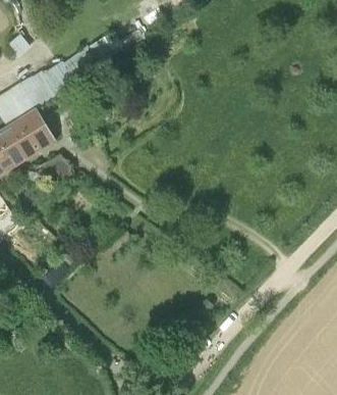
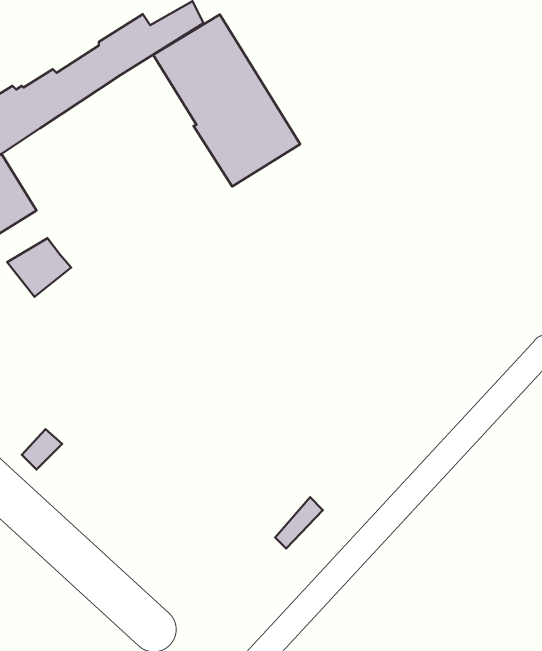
building: none -> [153,14,300,186]

